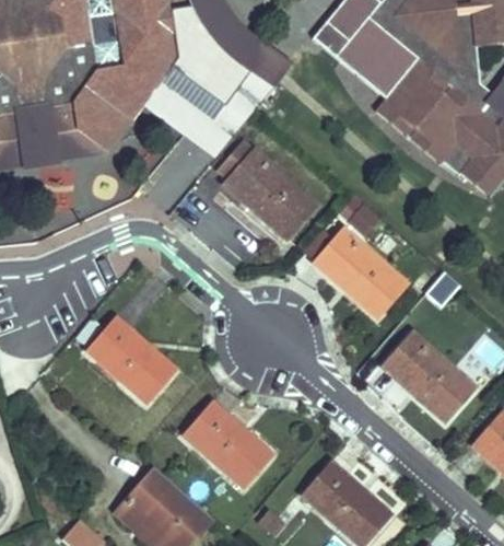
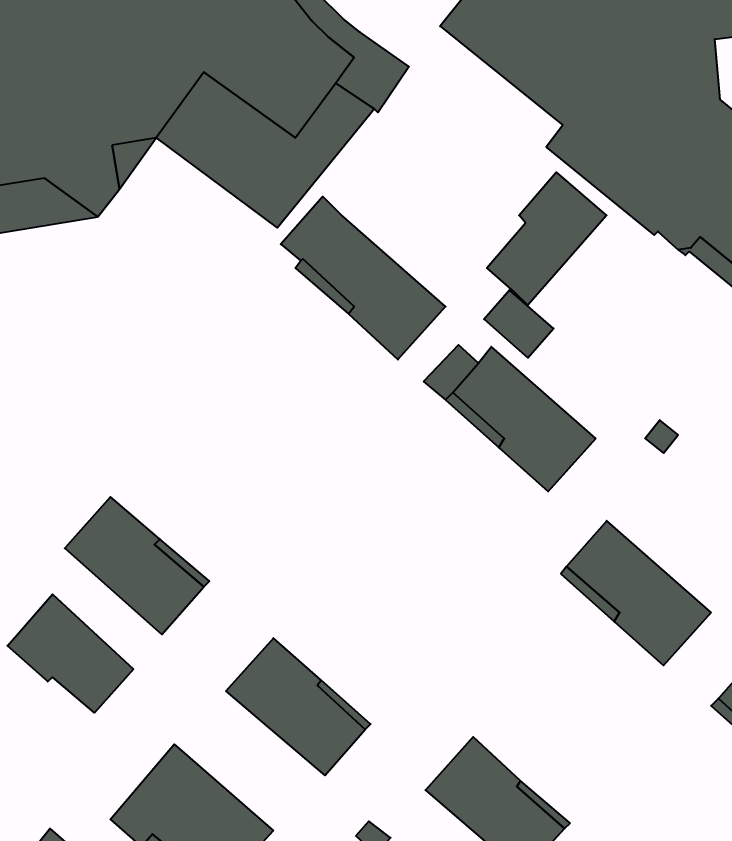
building: none -> [487,172,607,305]
building: none -> [7,594,133,713]

